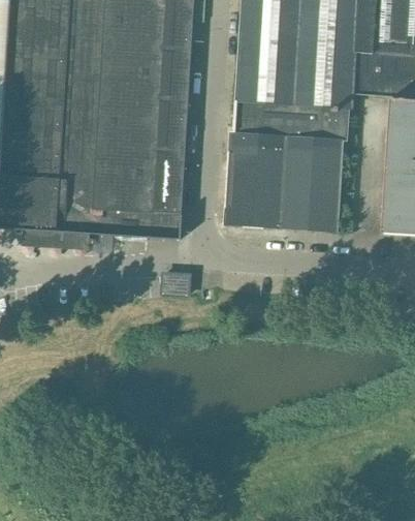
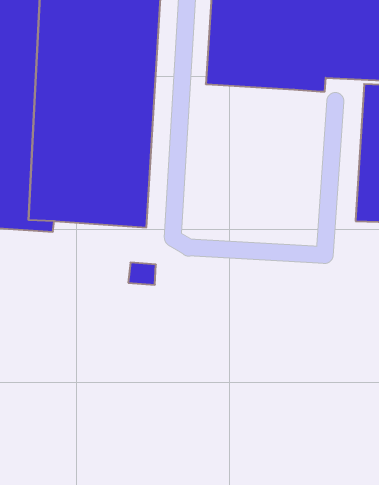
building: [226,98,349,228] -> none

